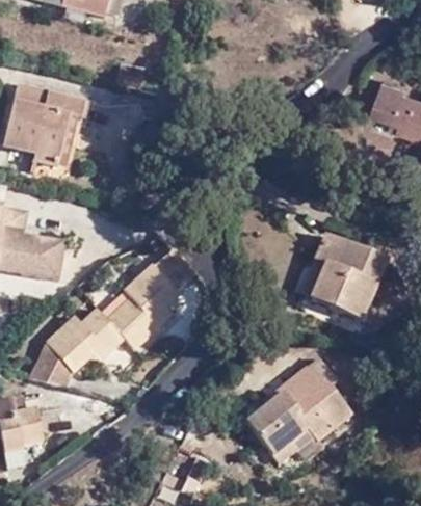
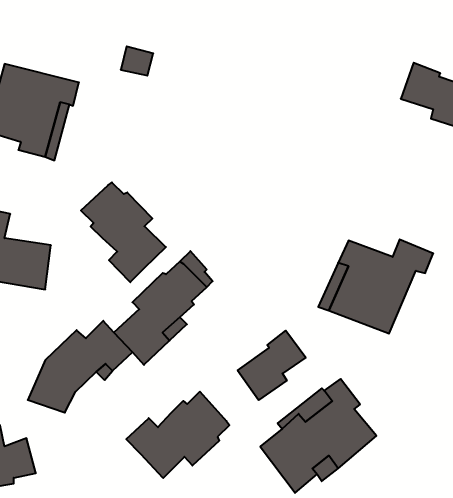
building: none -> [81,182,166,282]
building: none -> [238,331,306,400]
building: none -> [126,392,229,478]

